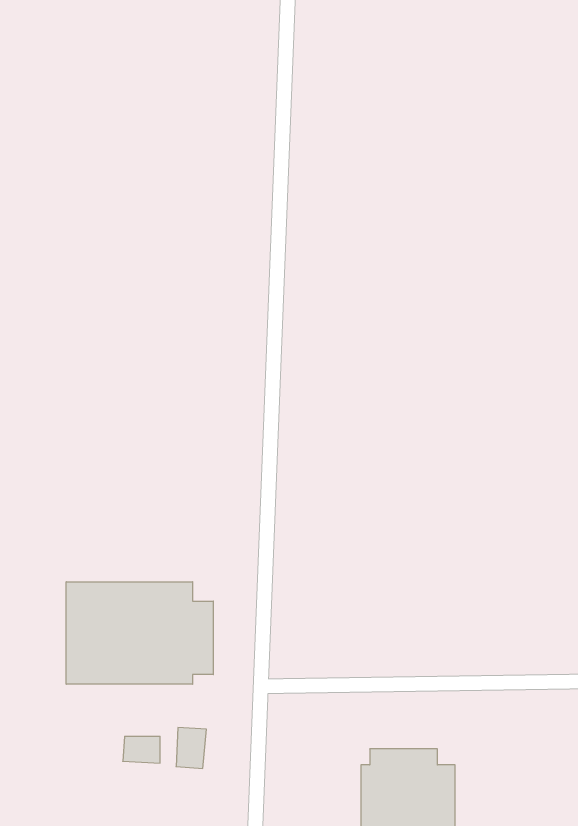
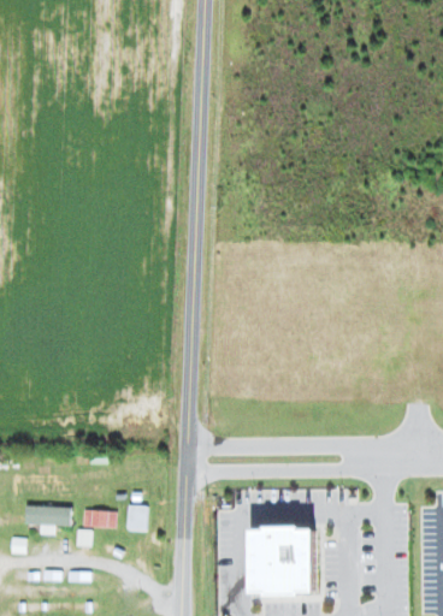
building: [66,582,213,684] -> none
building: none -> [22,505,67,534]

